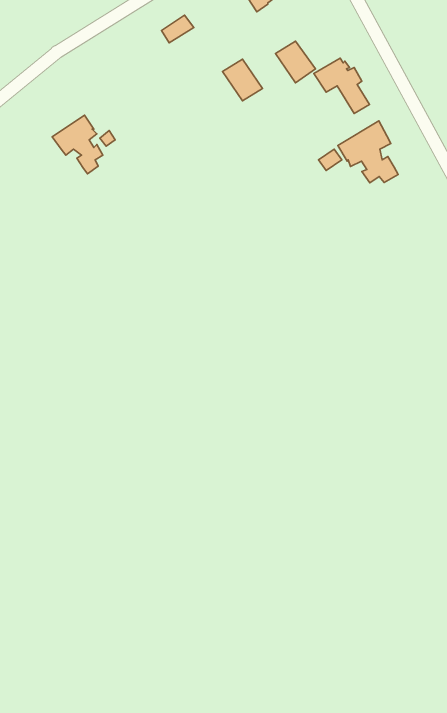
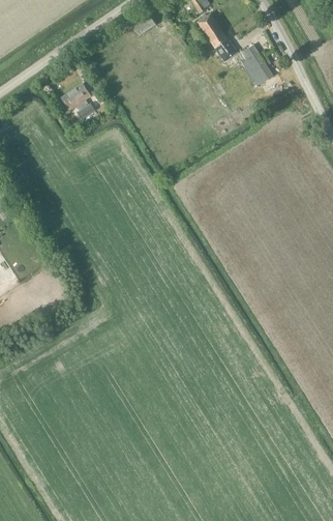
building: [223,59,263,101] -> [196,13,223,41]
building: [338,121,398,183] -> none

